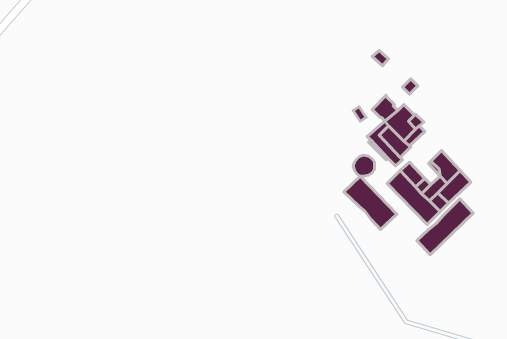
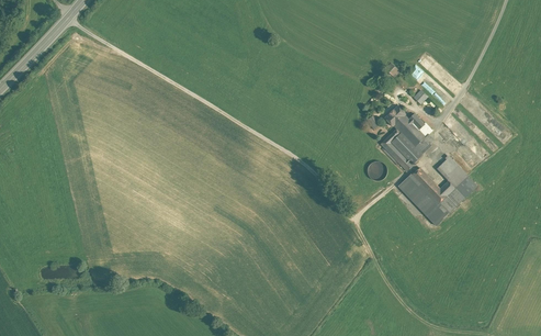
building: [344,176,397,230] -> none
building: [417,199,473,255] -> none

